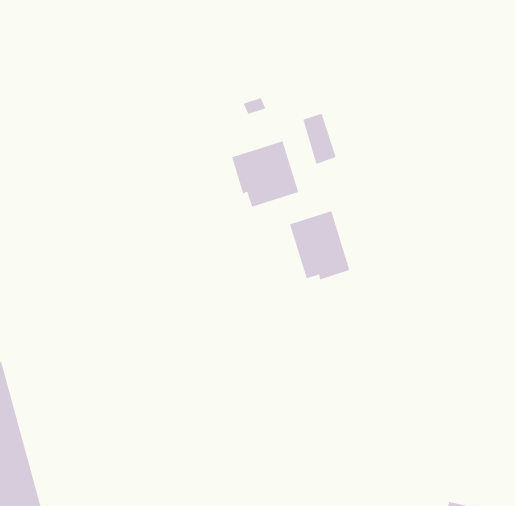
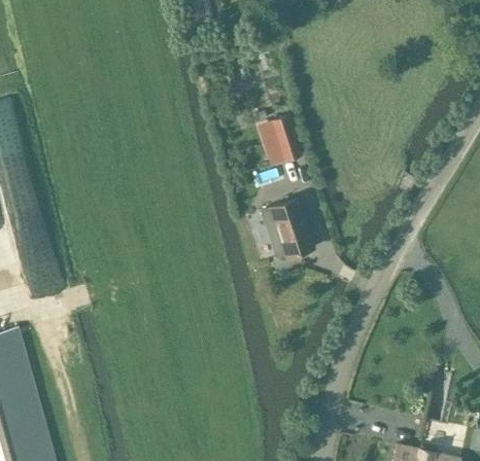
building: [231,140,299,207] -> none

